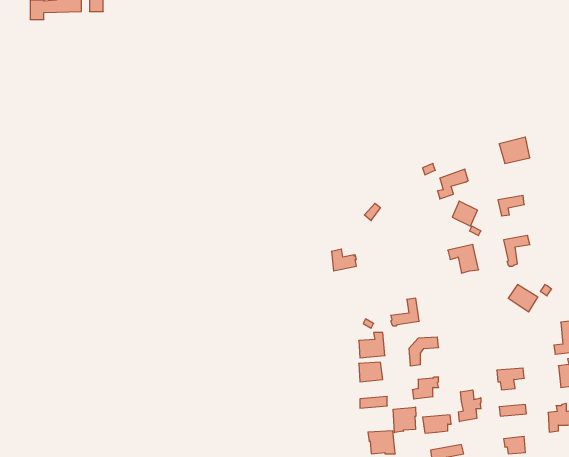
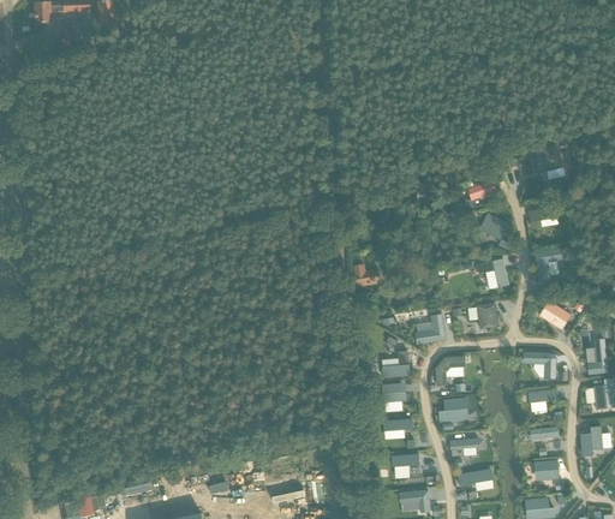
building: none -> [468,303,498,329]
building: none -> [523,352,555,377]
building: [458,390,481,422] -> none
building: [393,407,416,433] -> none

